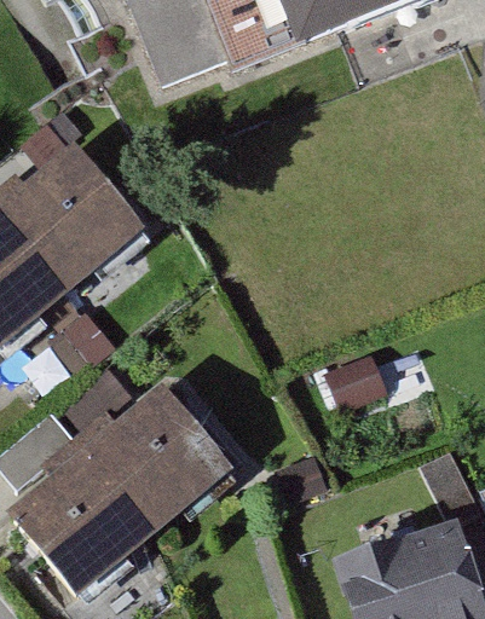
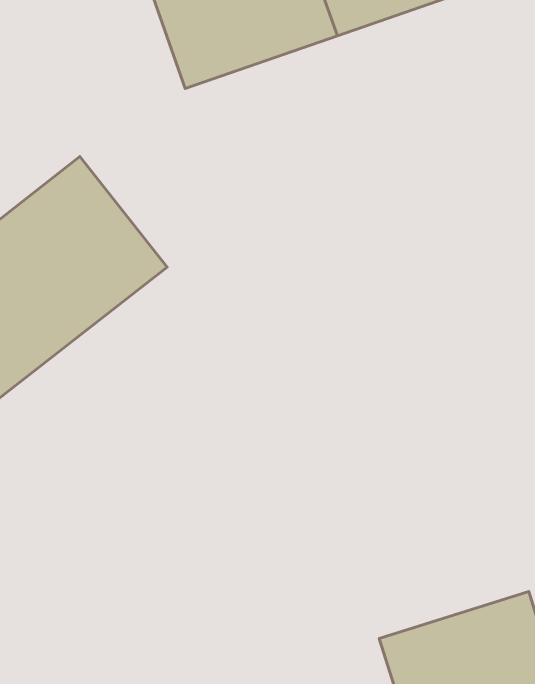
building: [11,382,232,590] -> none

